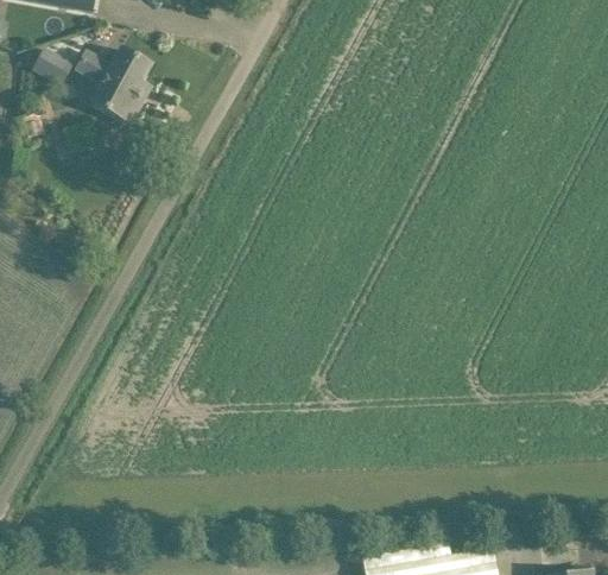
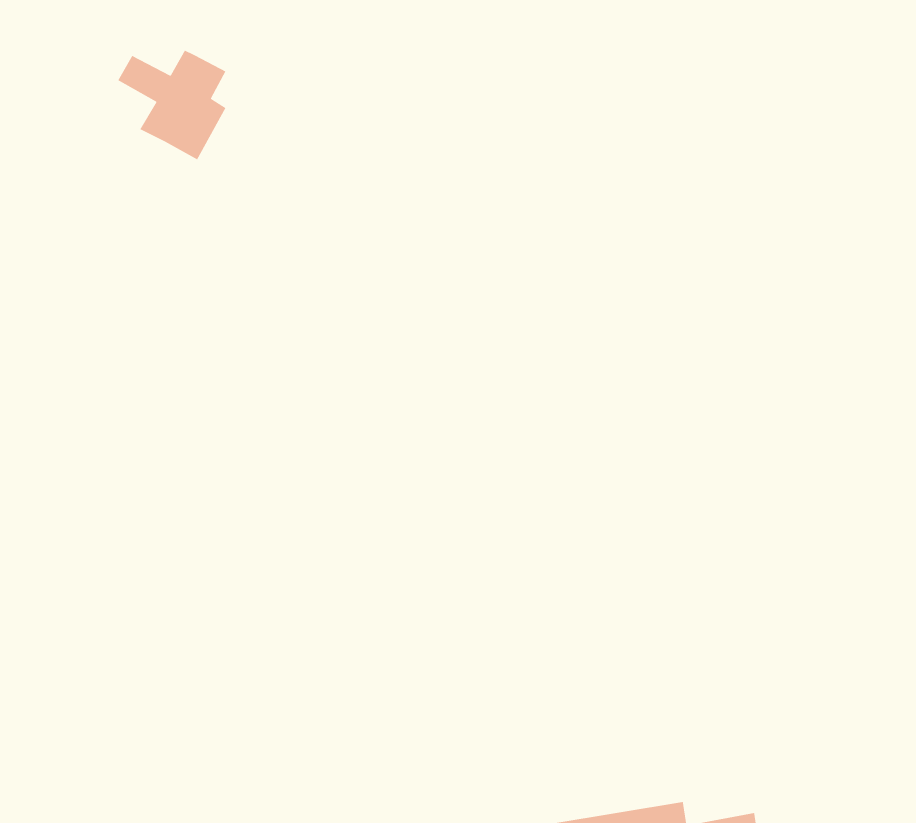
building: [32,49,75,88] -> none

